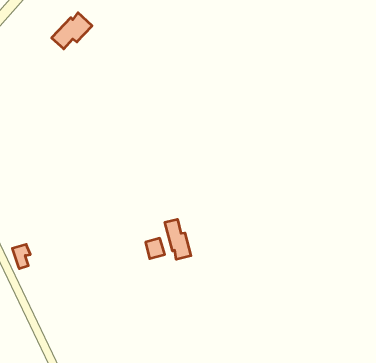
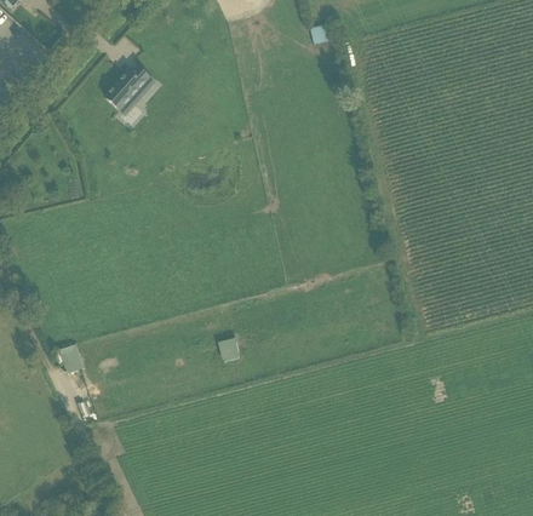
building: [165,219,191,259] -> none

